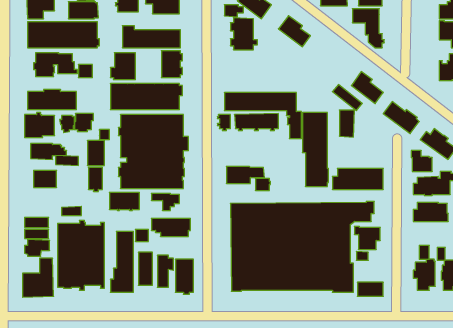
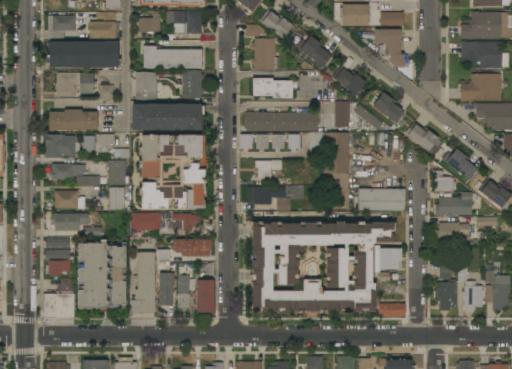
building: none -> [332,66,366,95]
building: none -> [253,77,297,100]
building: [339,110,354,137] -> [335,101,350,128]
building: none -> [254,160,282,180]
building: none -> [51,214,93,231]

